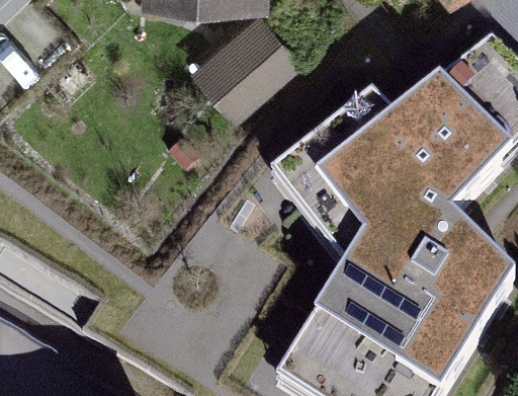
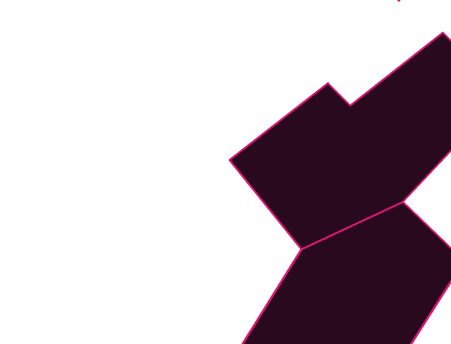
building: [197,15,306,120] -> none

